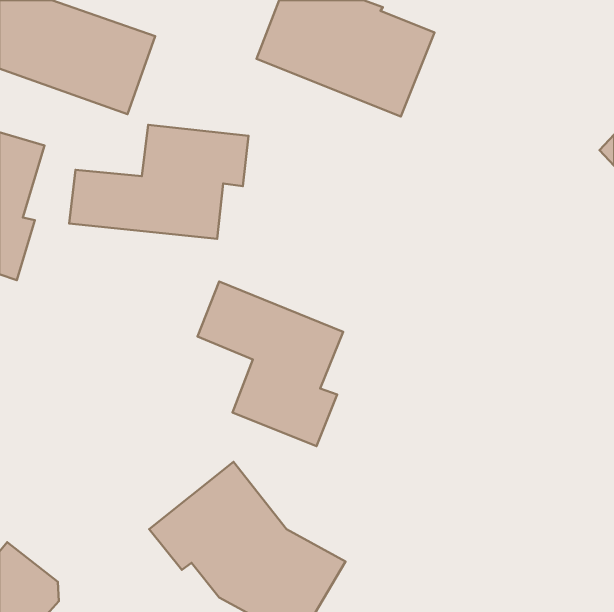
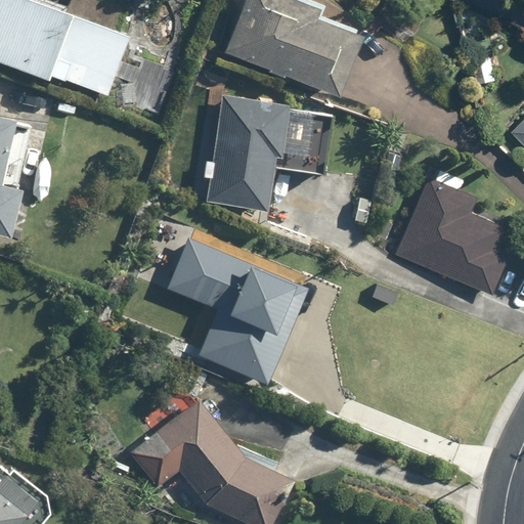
building: none -> [208,97,332,210]
building: [69,125,249,239] -> none
building: none -> [391,176,509,296]

